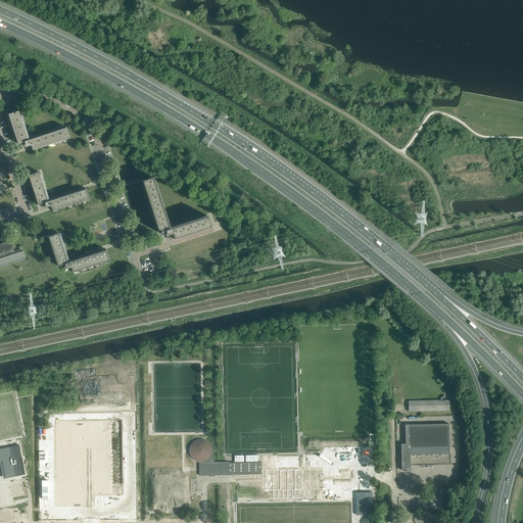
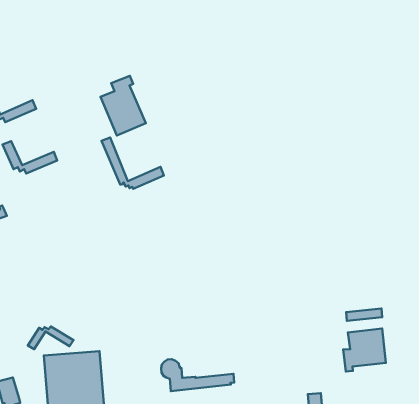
building: none -> [100,76,146,136]
building: [48,232,109,272] -> none
building: none -> [28,326,73,349]

